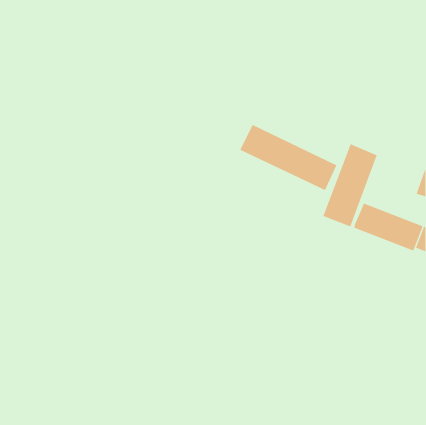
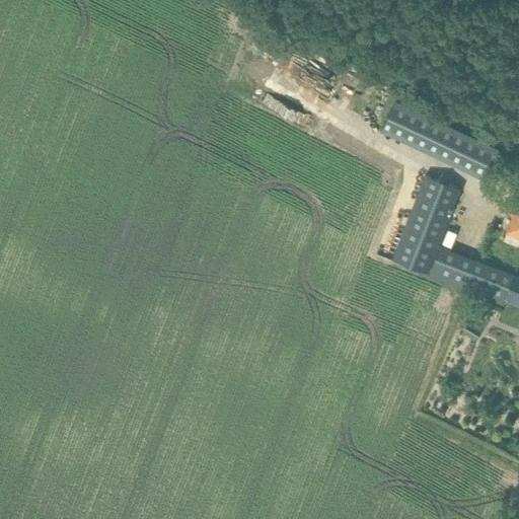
building: [240,124,337,191] -> [382,100,501,181]

